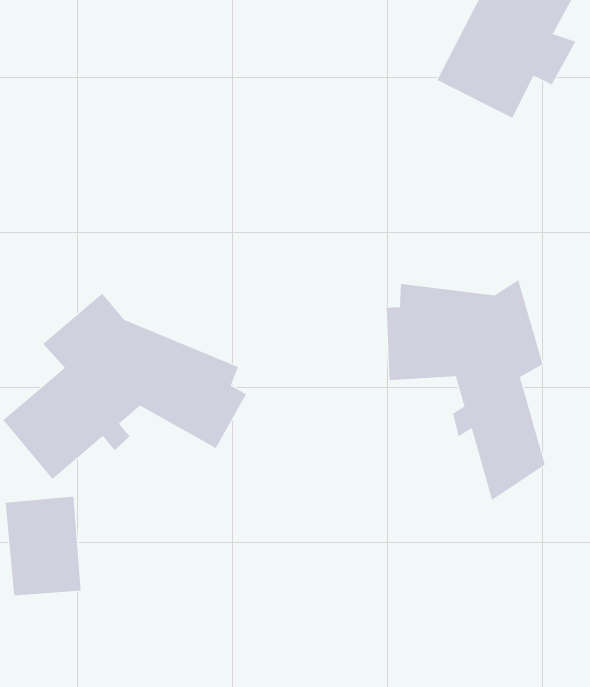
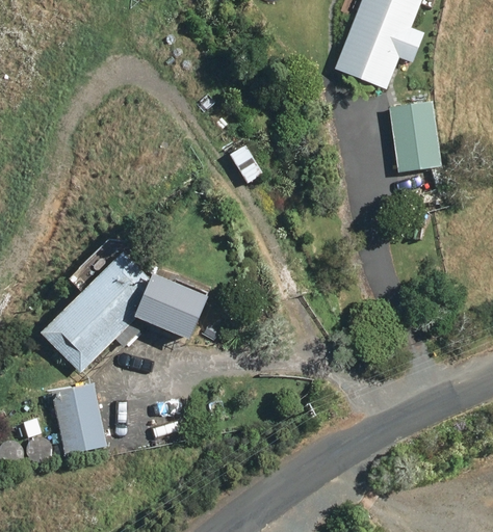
building: none -> [387,102,442,171]
building: [386,279,546,501] -> none

